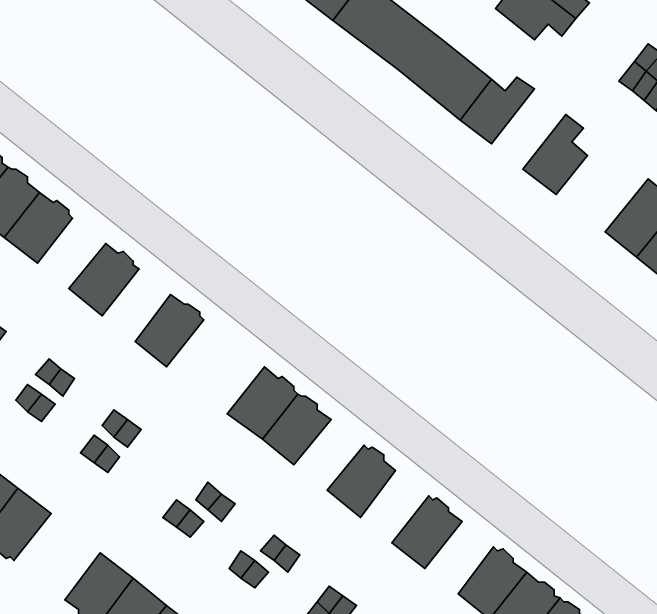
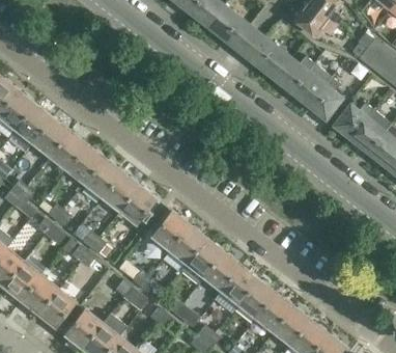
building: none -> [291,63,331,106]
building: none -> [334,104,374,139]
building: none -> [51,132,87,169]
building: none -> [85,159,121,197]
building: none -> [119,186,157,224]
building: none -> [187,239,224,276]
building: none -> [222,266,258,304]
building: none -> [38,289,76,328]
building: none -> [256,293,292,331]

